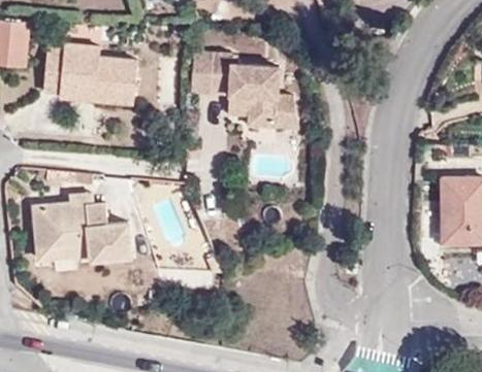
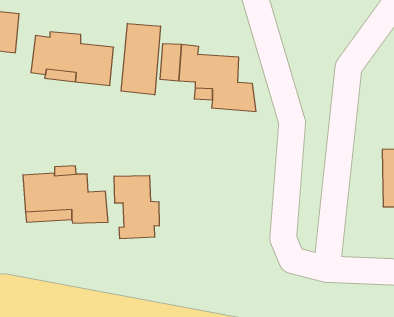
building: none -> [121,23,160,95]
building: none -> [114,175,159,239]

